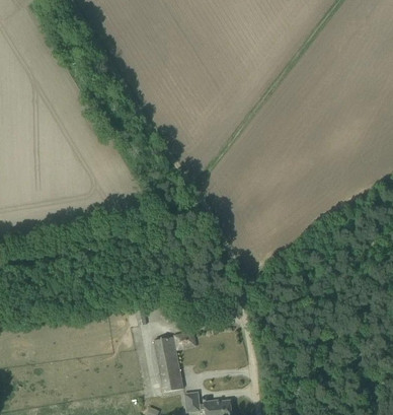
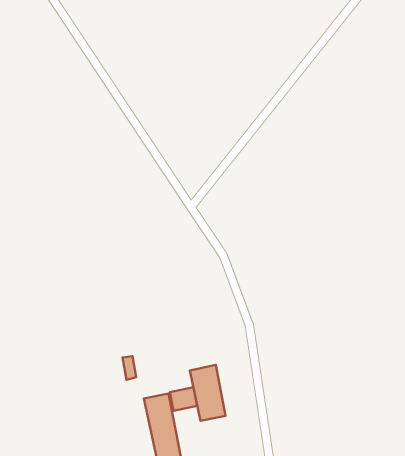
building: none -> [190,365,226,421]

